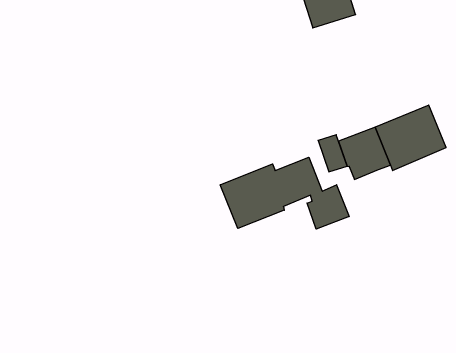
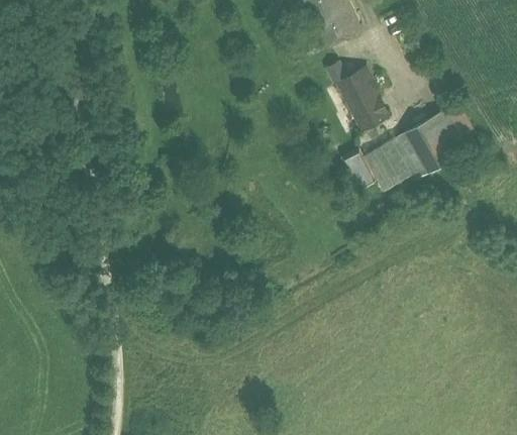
building: none -> [326,62,391,130]
building: [220,157,349,229] -> none

